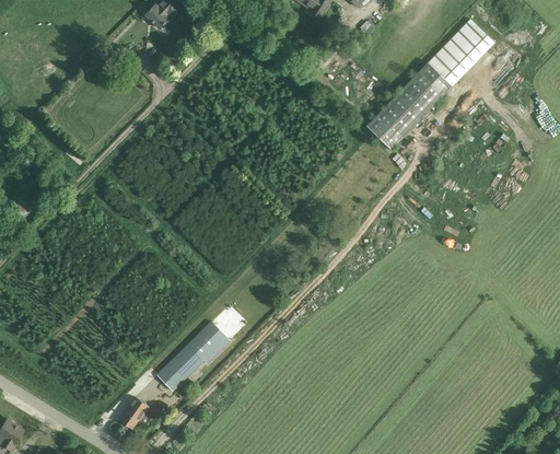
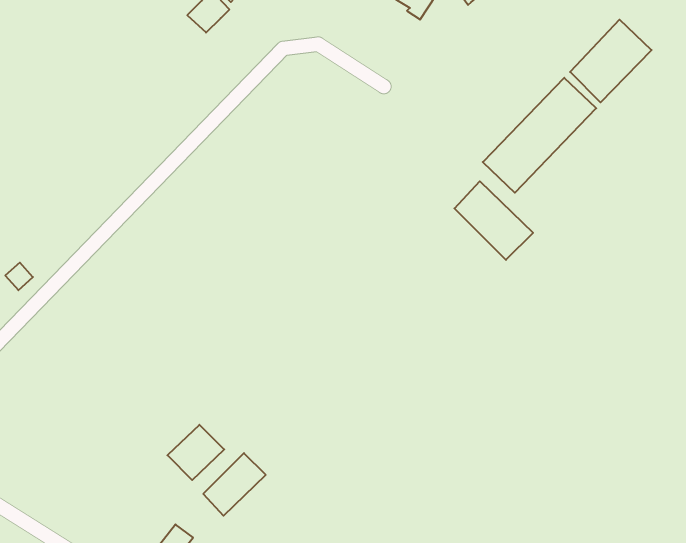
building: none -> [454,181,533,260]
building: [186,322,229,363] -> [167,425,224,480]

